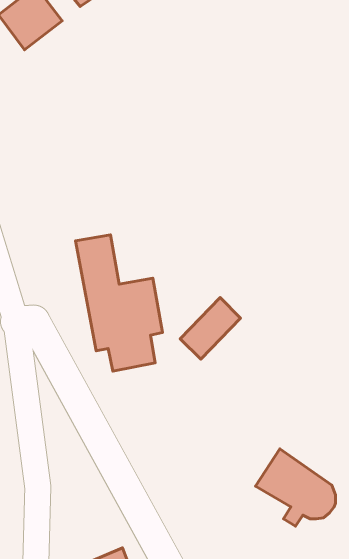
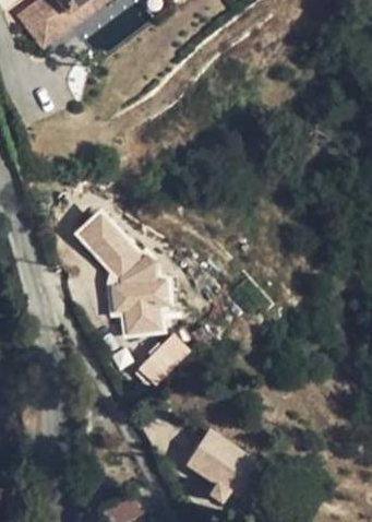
building: [180,298,241,359] -> [136,332,191,388]
building: [256,449,336,526] -> [189,431,261,501]

